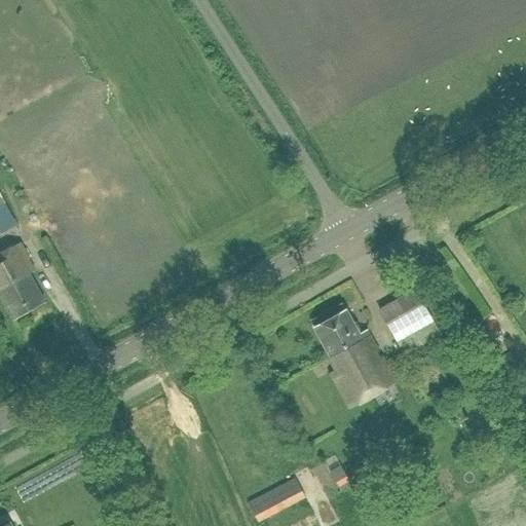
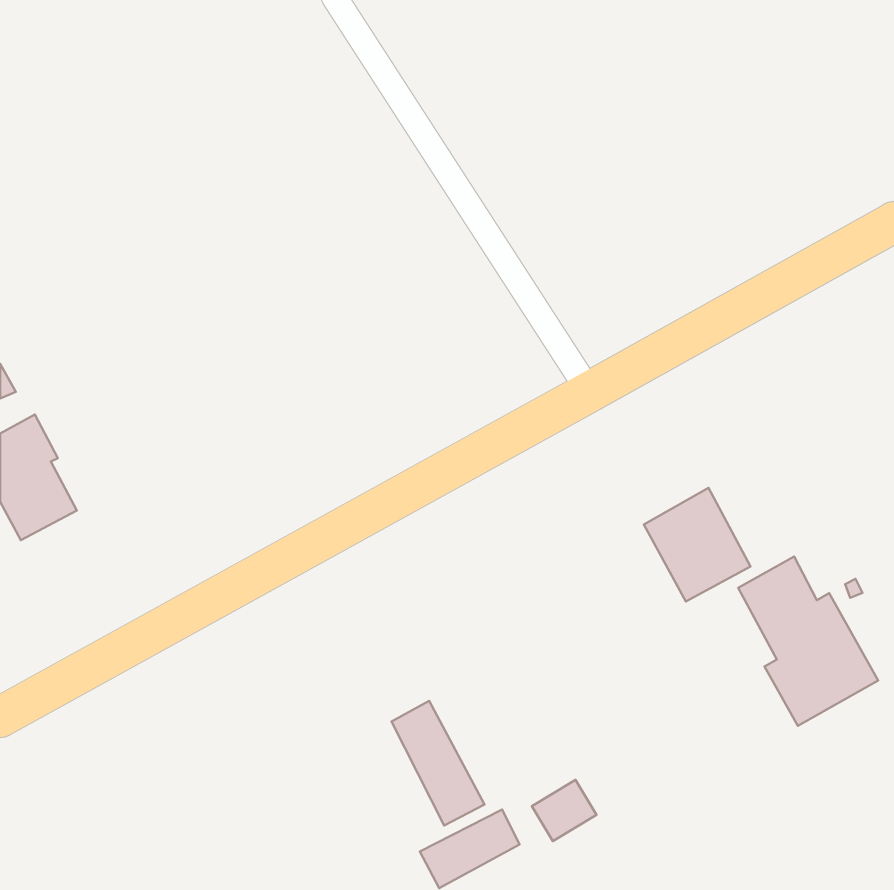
building: [313,307,396,407] -> [738,556,878,726]
building: none -> [391,701,485,826]

